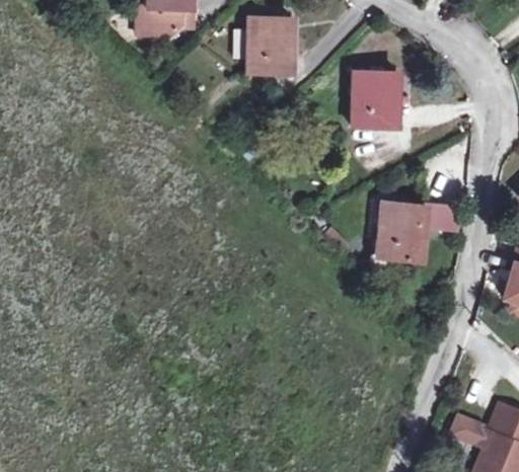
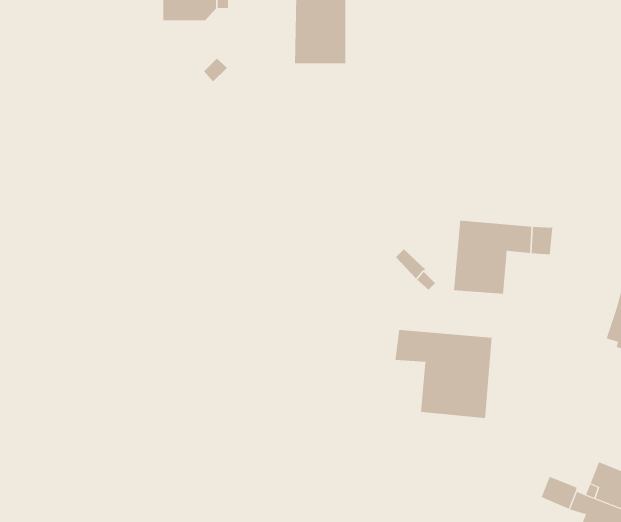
building: [352,72,397,129] -> none
building: none -> [395,329,492,419]

